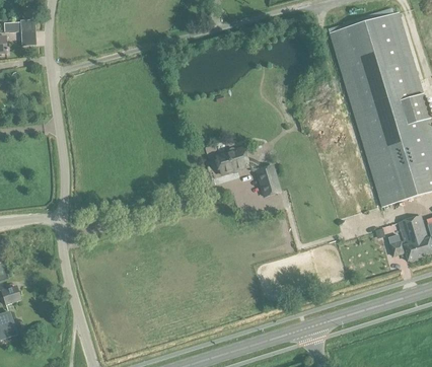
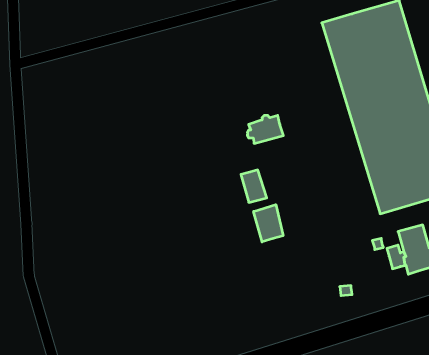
building: [215,147,247,172] -> [247,115,283,143]
building: none -> [254,205,283,242]

